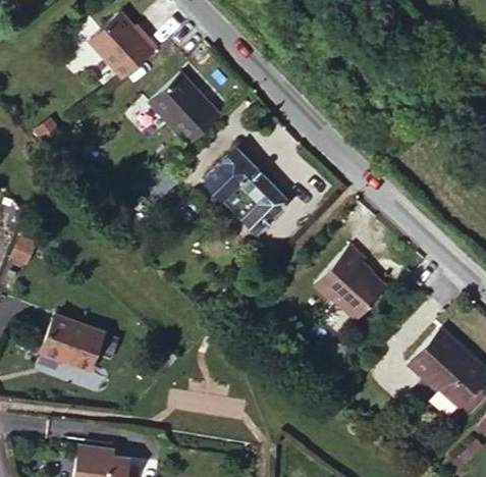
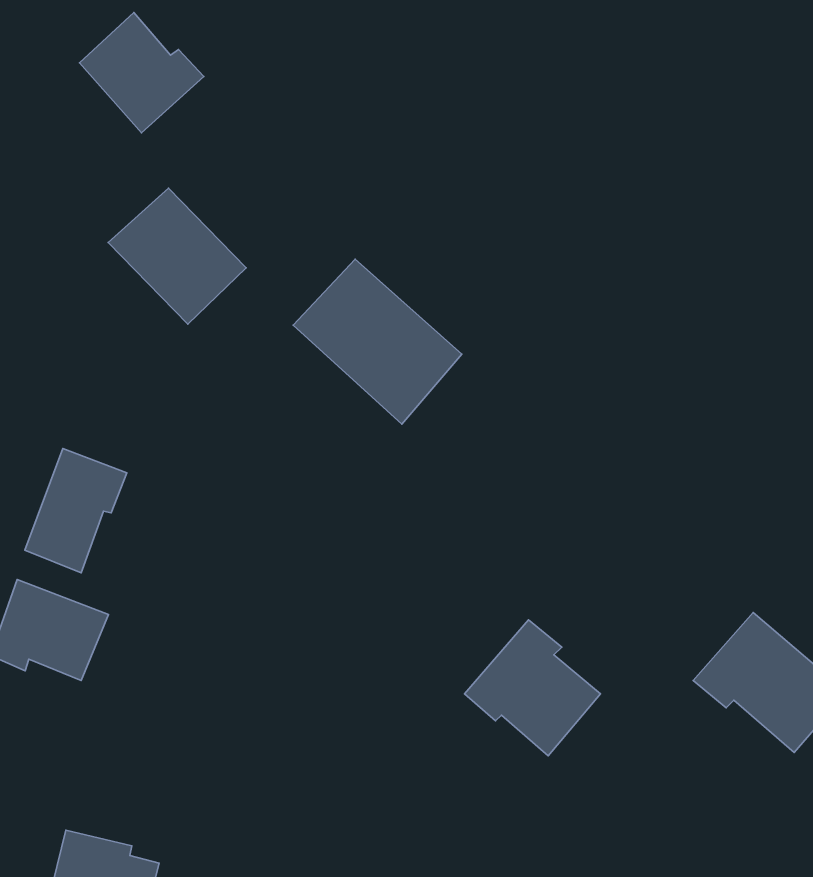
building: [148,75,220,147] -> [108,188,246,324]
building: none -> [25,448,127,573]
building: [316,246,387,317] -> [465,620,601,756]

